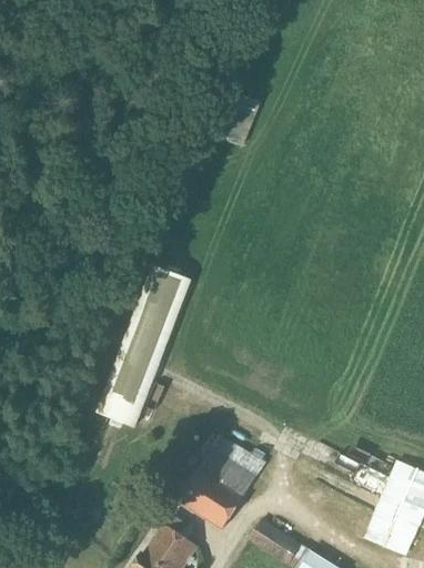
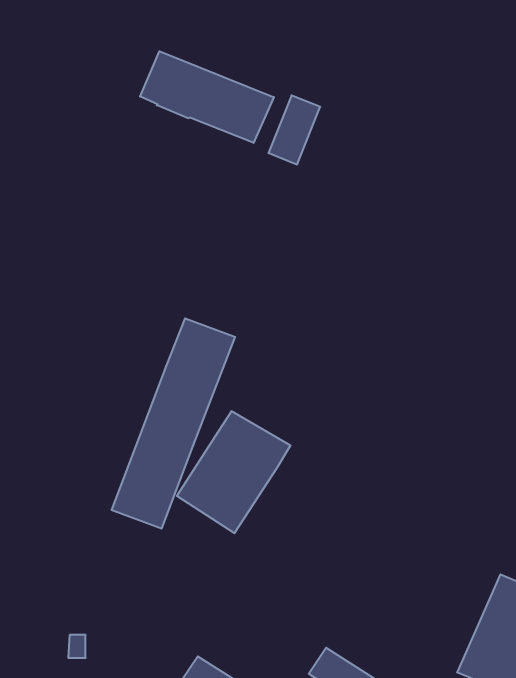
building: none -> [140,51,274,143]
building: [178,435,265,529] -> [177,411,291,533]

